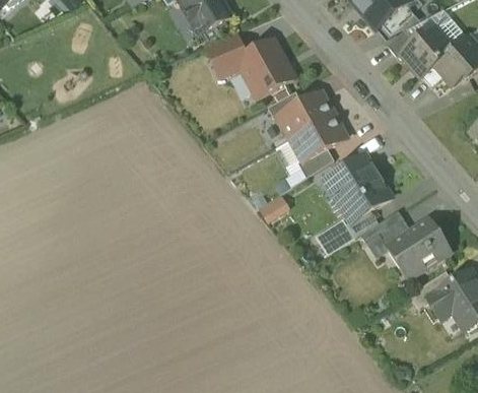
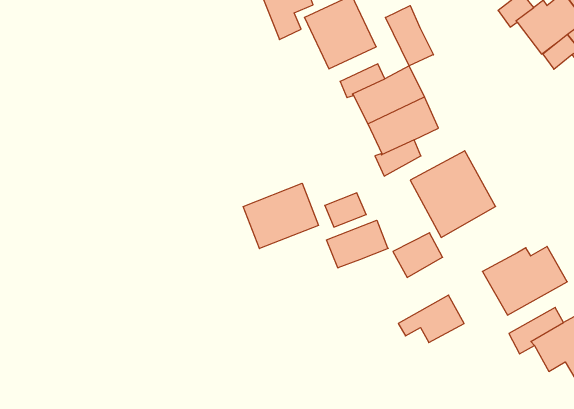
building: none -> [385,6,433,66]
building: none -> [243,183,318,249]
building: [362,209,413,247] -> [398,295,464,343]
building: none -> [326,220,388,268]

